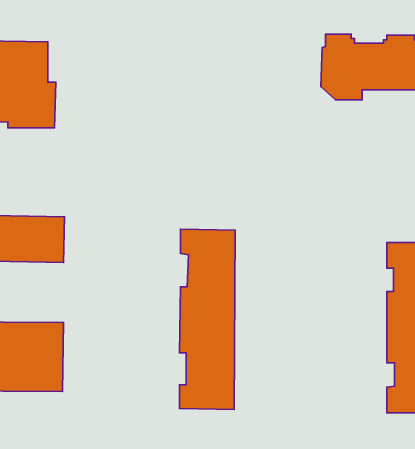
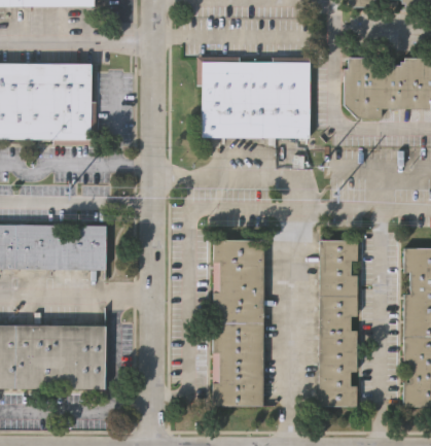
building: none -> [196,55,310,136]
building: none -> [318,241,357,408]

